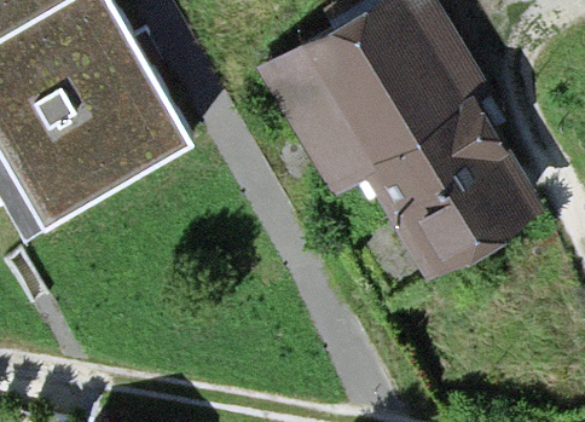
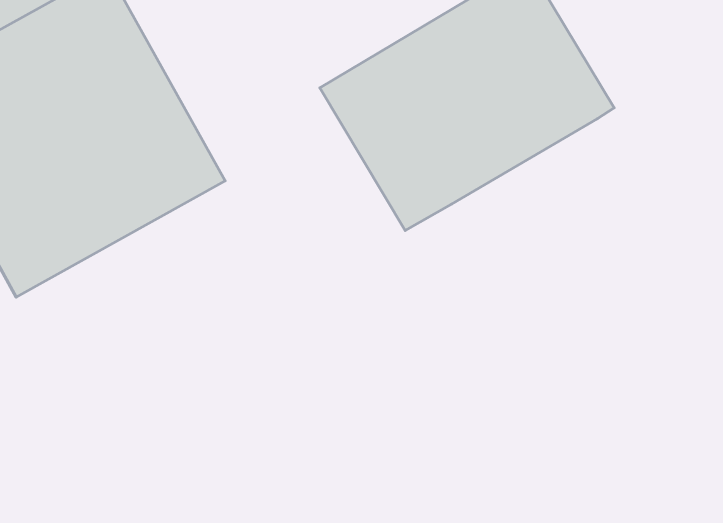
building: [361,97,543,271] -> none

